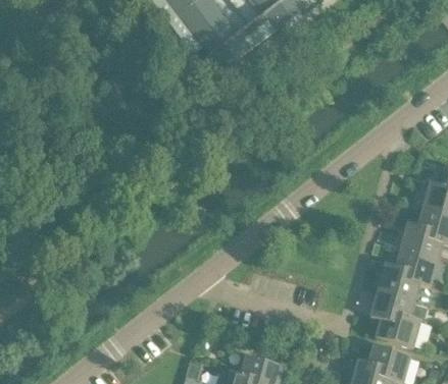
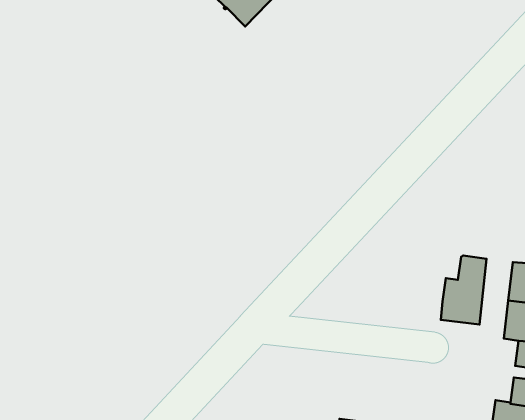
building: none -> [441,256,487,324]

